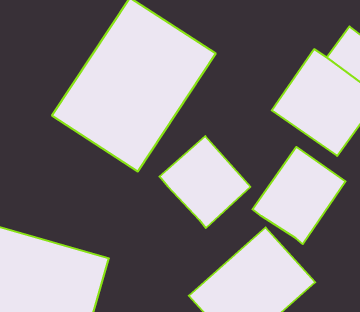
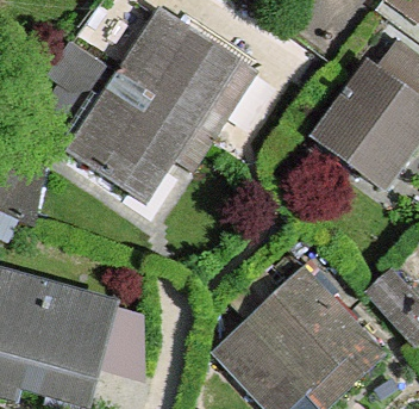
building: [159,136,250,228] -> none
building: [252,147,346,244] -> none

